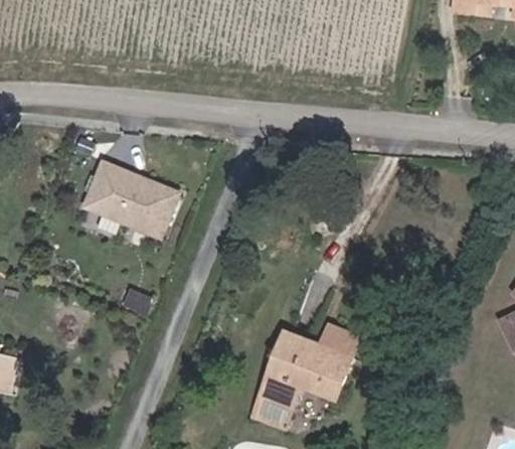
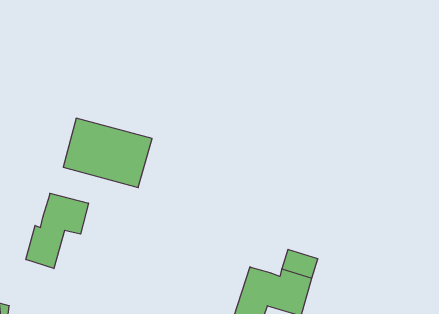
building: none -> [26,193,88,269]

